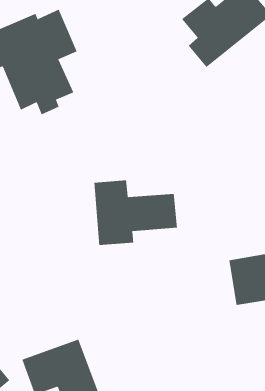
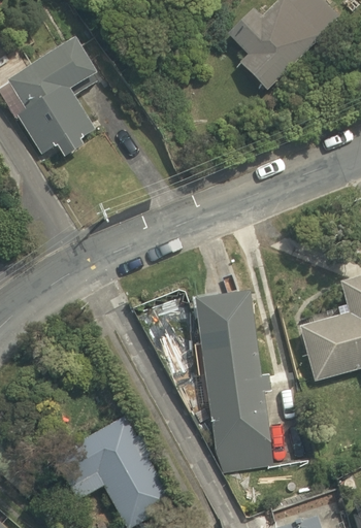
building: [94,179,178,246] -> none
building: none -> [198,300,275,465]

